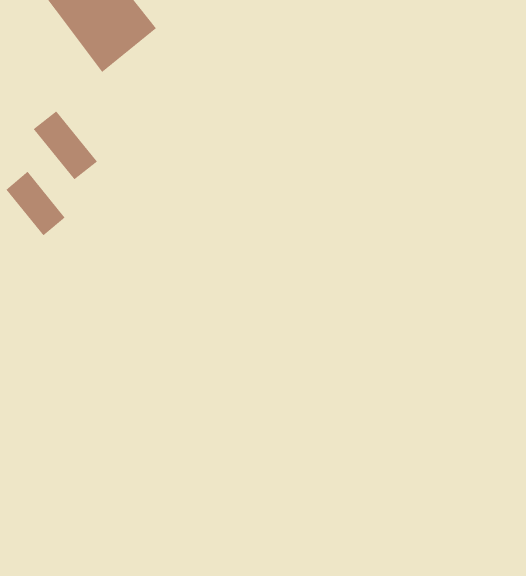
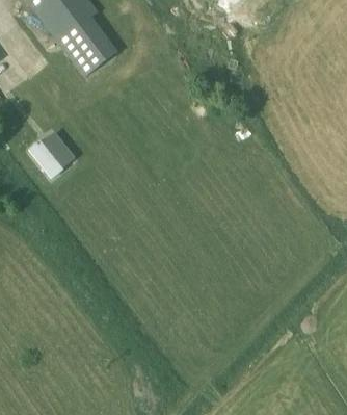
building: [33,111,98,180] -> none

